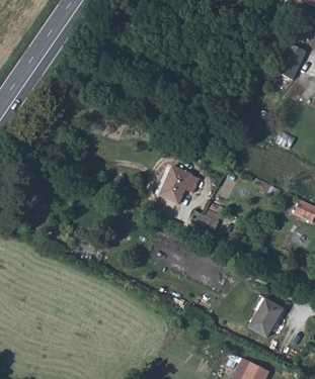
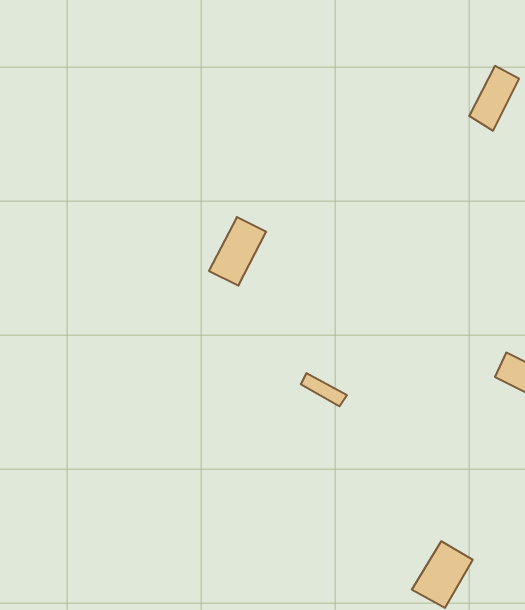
building: [160,165,191,202] -> [209,217,266,286]

